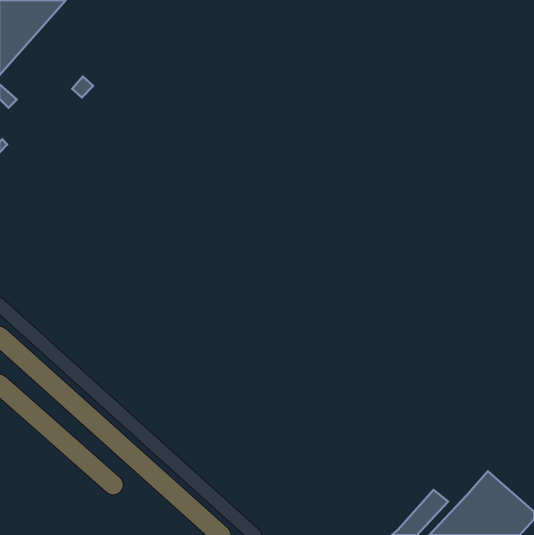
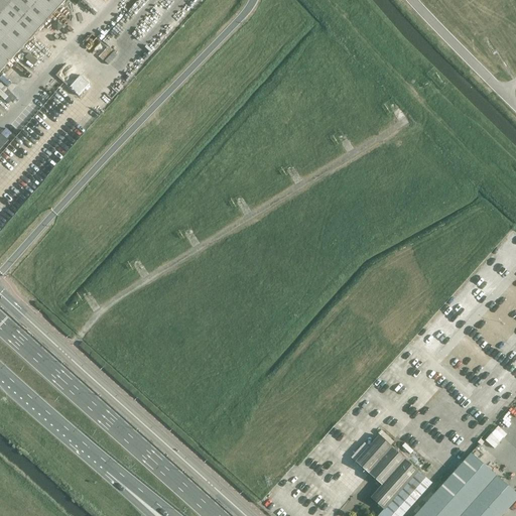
building: none -> [355,435,417,510]

